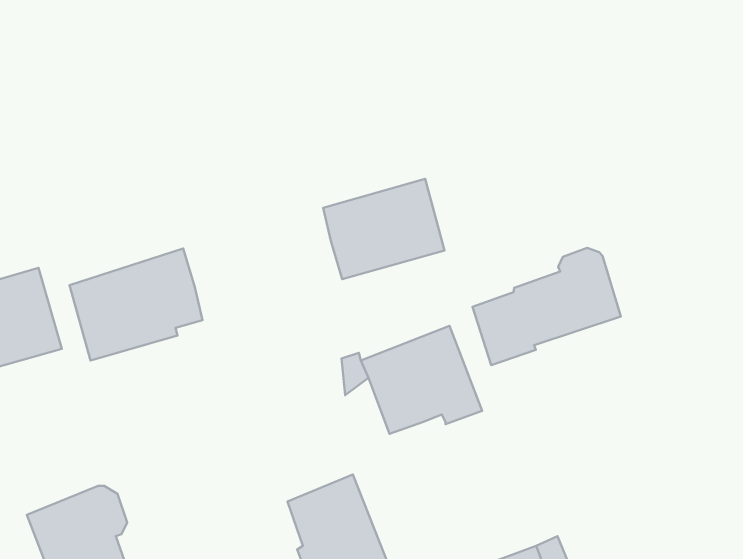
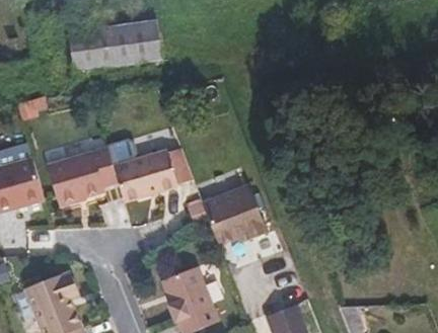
building: none -> [60,24,152,74]
building: [323,179,445,279] -> [115,151,178,203]
building: [473,248,621,365] -> none

